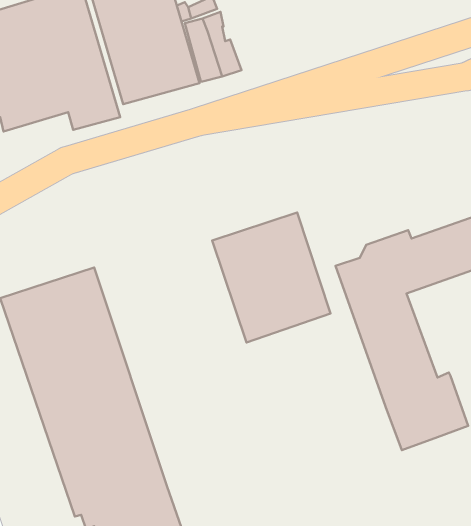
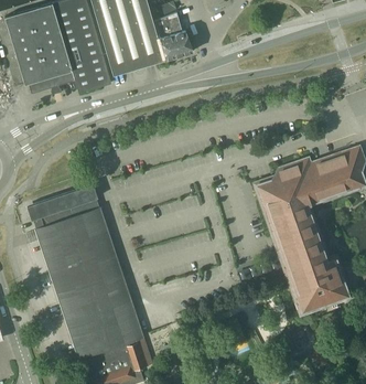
building: [212,212,330,343] -> none

